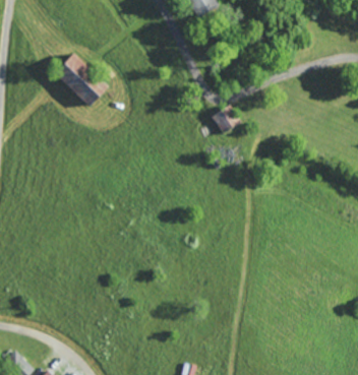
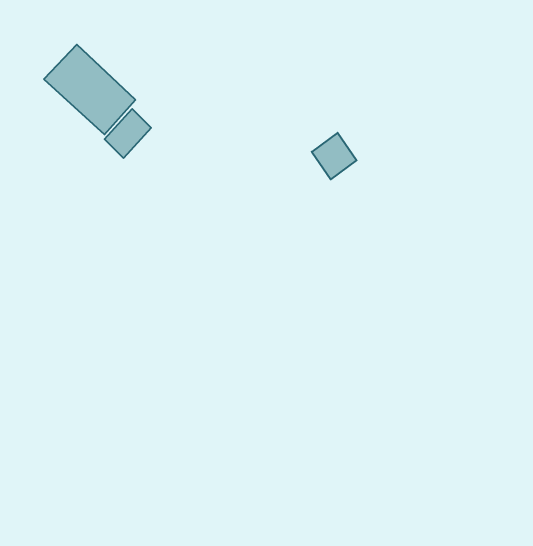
building: none -> [105,109,151,158]

